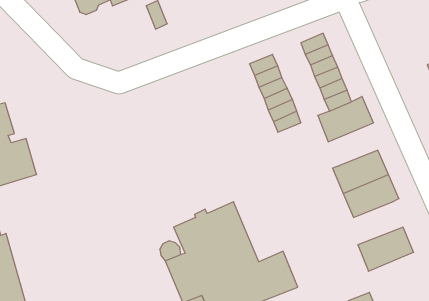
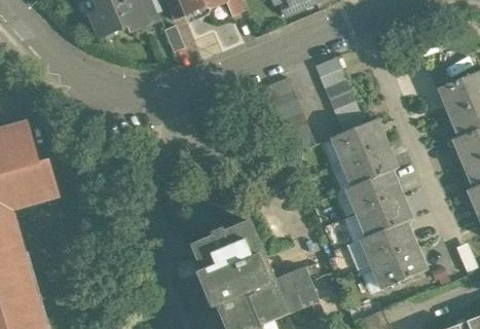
building: none -> [341,143,395,185]
building: none -> [360,220,414,262]

